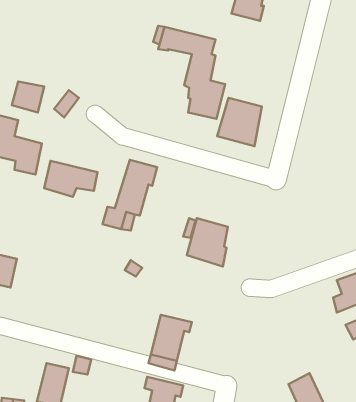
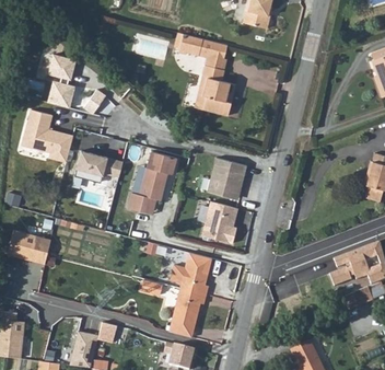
building: none -> [48,55,77,81]
building: [217,98,262,146] -> [207,159,246,201]
building: none -> [170,251,211,294]

